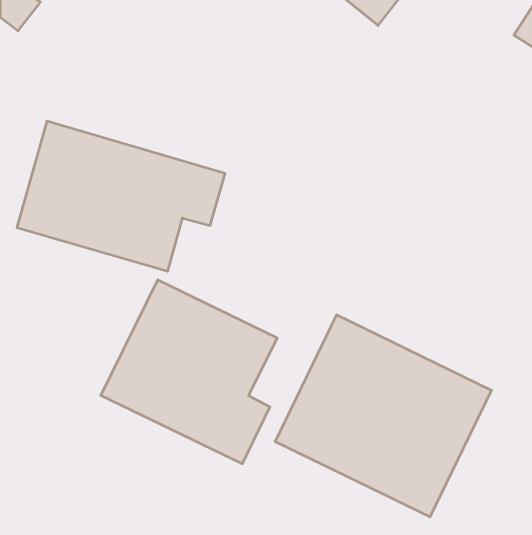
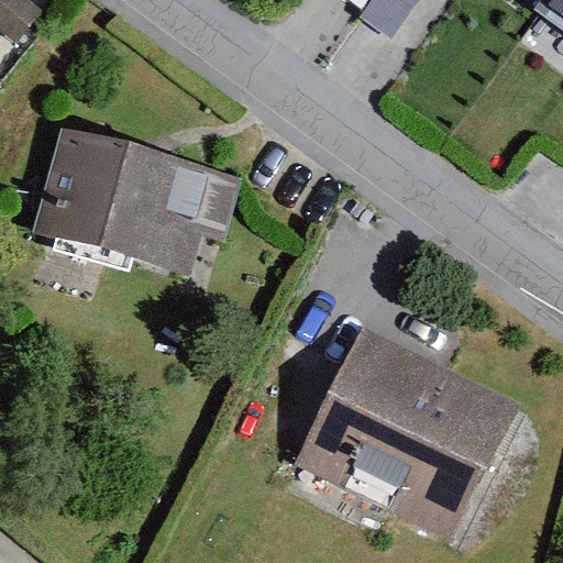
building: [101,280,277,464] -> none

